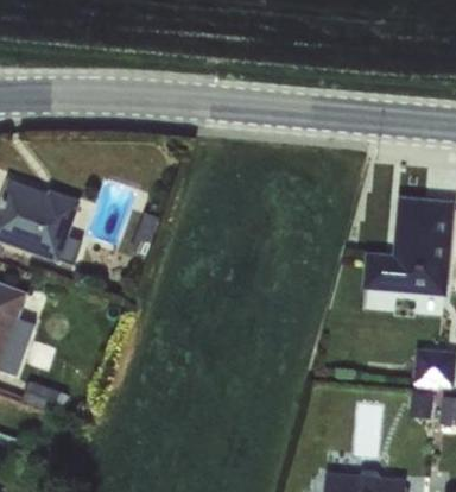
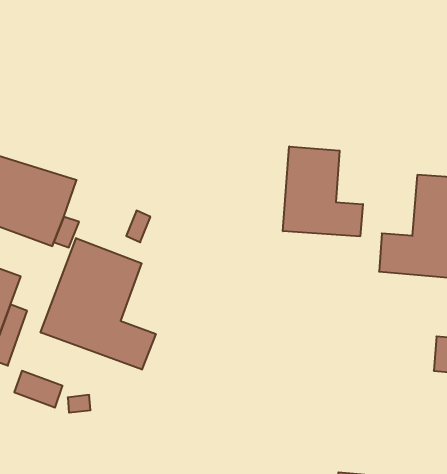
building: none -> [283,146,363,236]
building: none -> [41,238,156,370]

